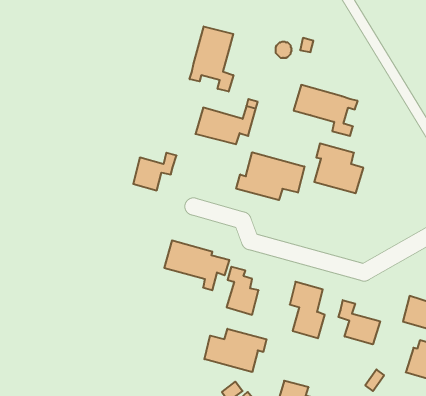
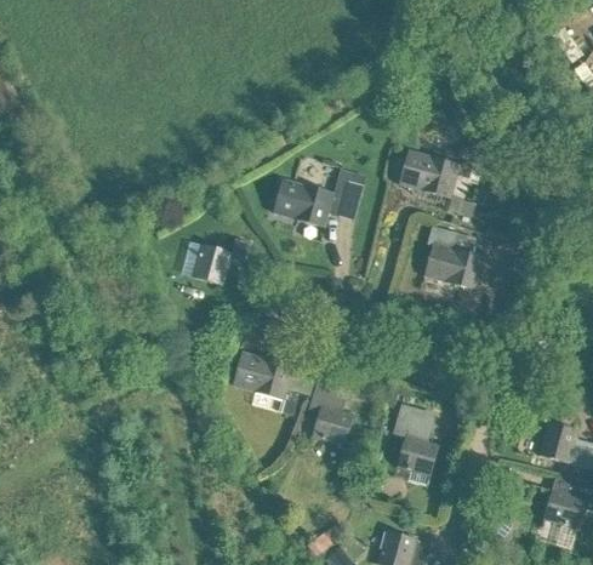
building: [190,26,233,92] -> none
building: [236,152,304,200] -> none
building: [338,300,380,344] -> none
building: [204,329,267,372] -> none

